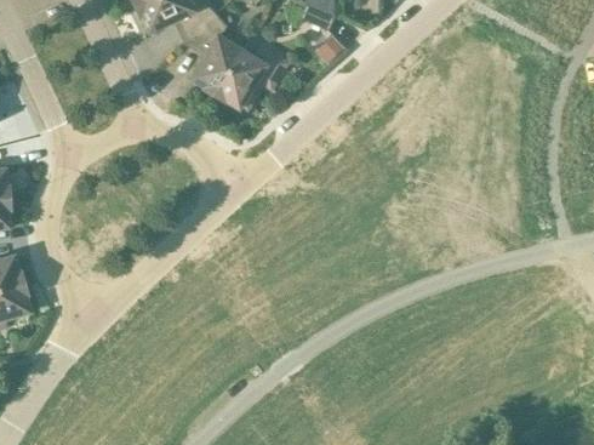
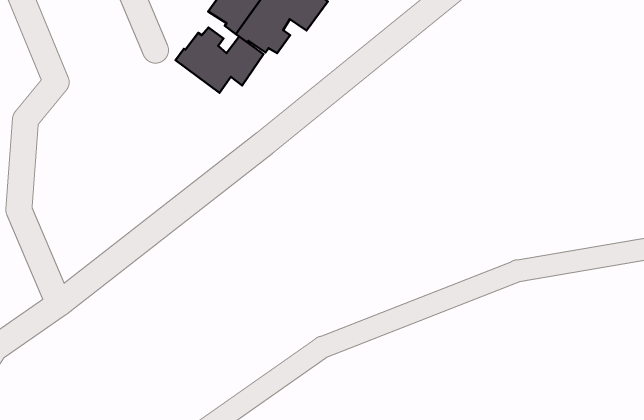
building: none -> [176,28,264,93]

